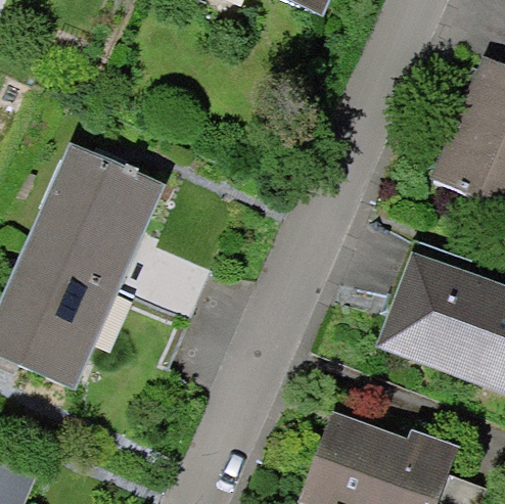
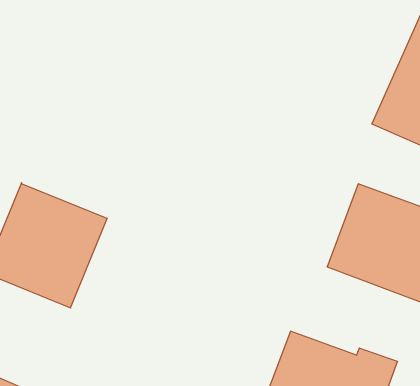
building: [27,145,167,288] -> none

